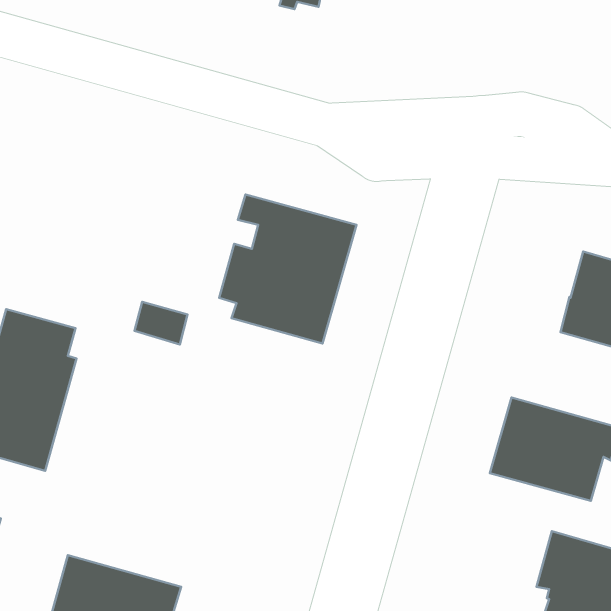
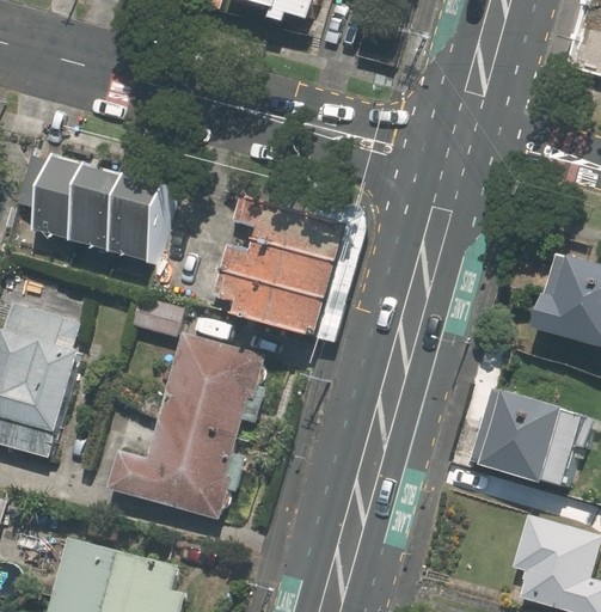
building: none -> [19,155,178,265]
building: none -> [110,333,265,519]

